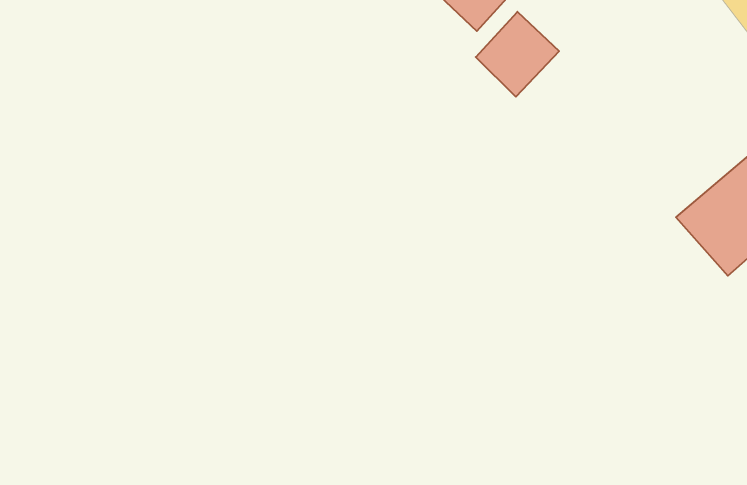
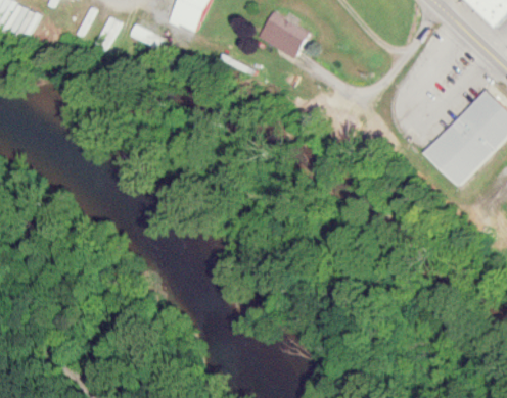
building: [476,12,559,97] -> none

